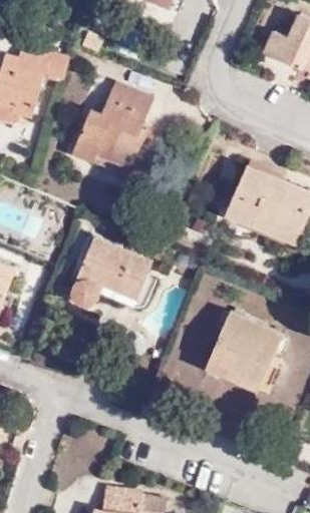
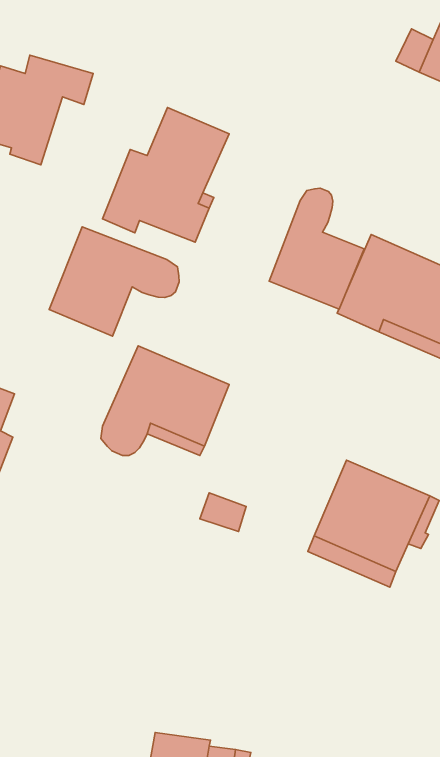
building: none -> [269,188,364,309]
building: none -> [49,227,179,336]

